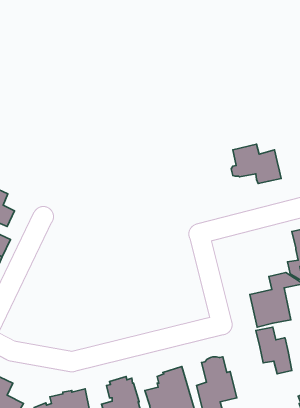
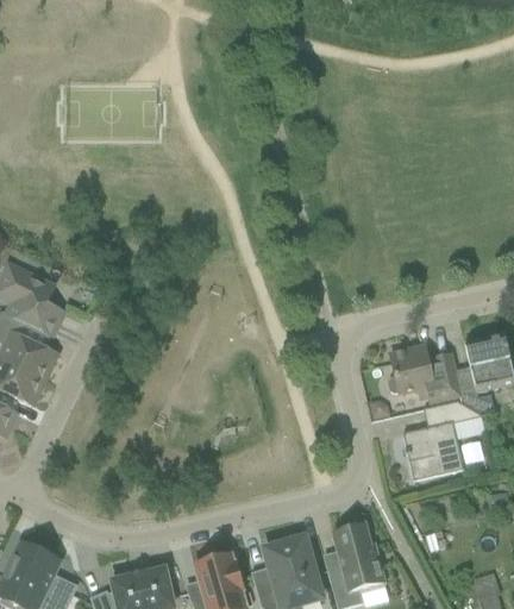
building: [231,144,281,184] -> [388,346,460,403]
building: [256,327,292,374] -> none

